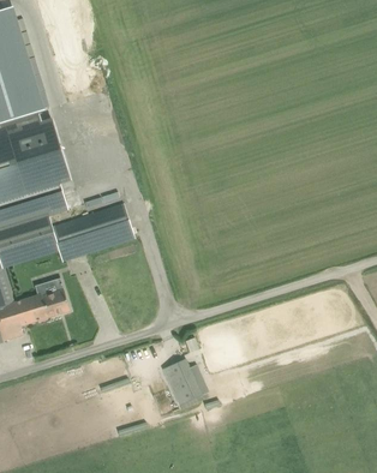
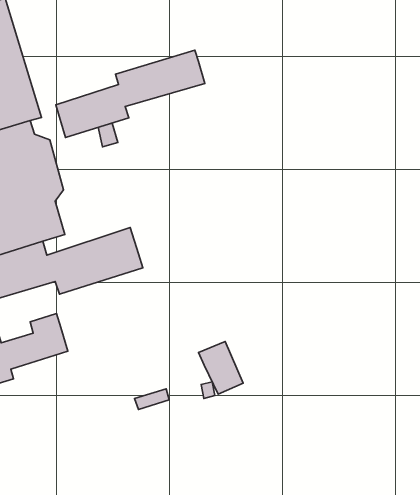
building: none -> [56,50,205,137]
building: [161,359,199,405] -> [199,341,243,394]

